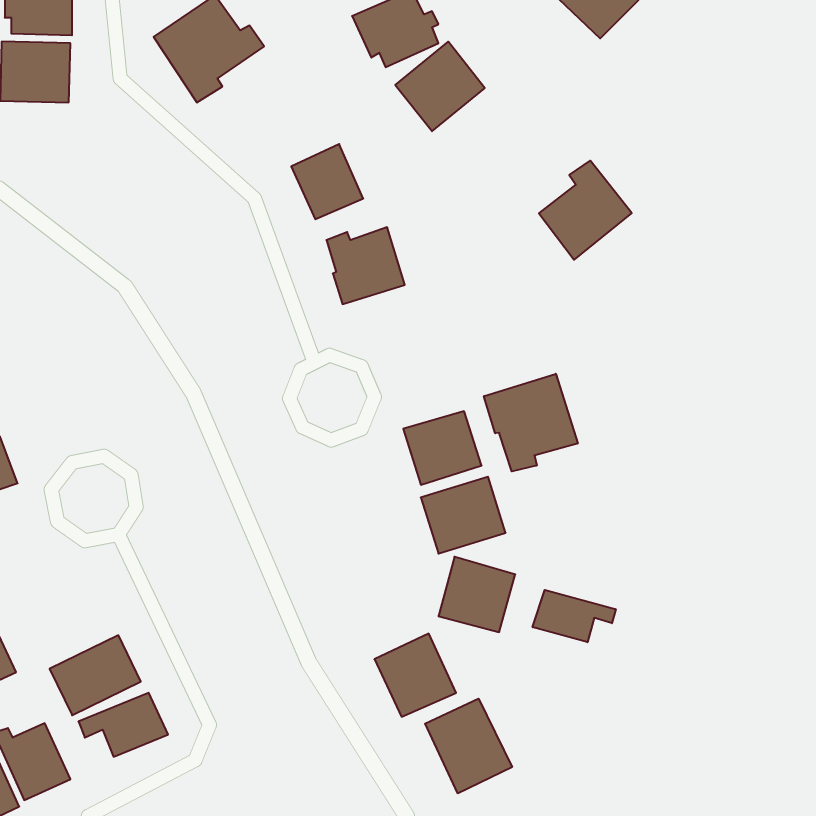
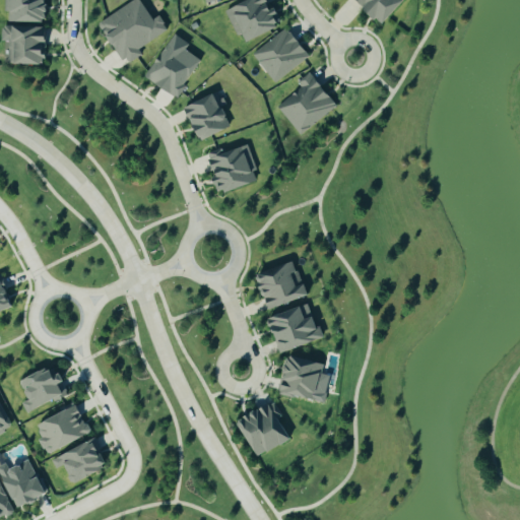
building: none -> [144,34,200,98]
building: [539,161,632,260] -> [277,71,336,134]
building: [484,374,578,471] -> none
building: none -> [19,365,64,411]
building: [533,590,616,642] -> none
building: [425,699,512,793] -> none

